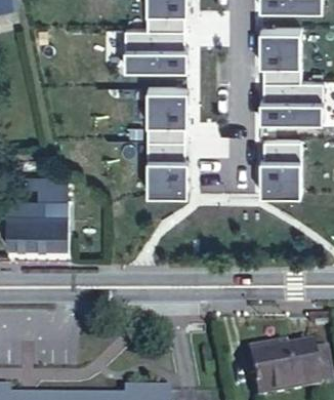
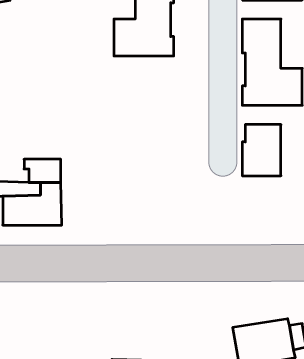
building: [147,87,189,194] -> none

